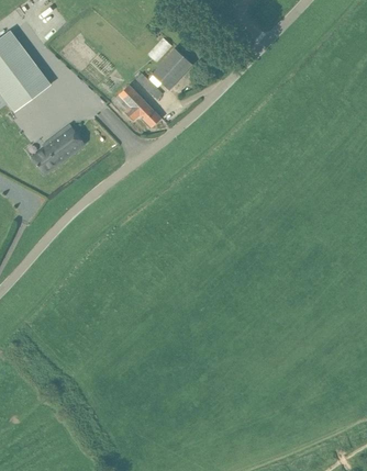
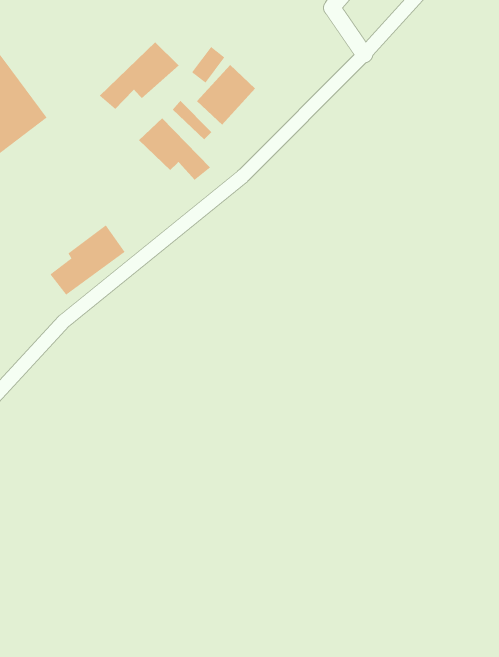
building: none -> [99,41,179,110]
building: [32,123,84,171] -> [50,224,126,296]

